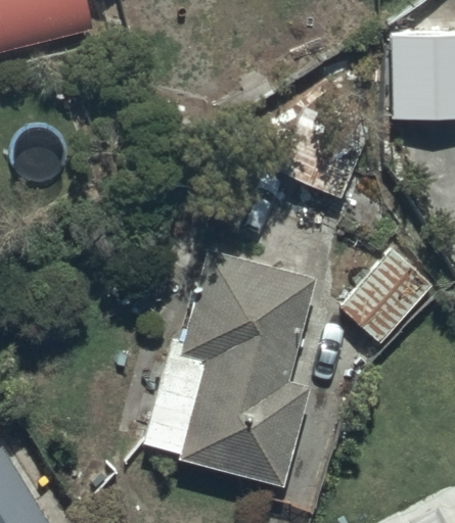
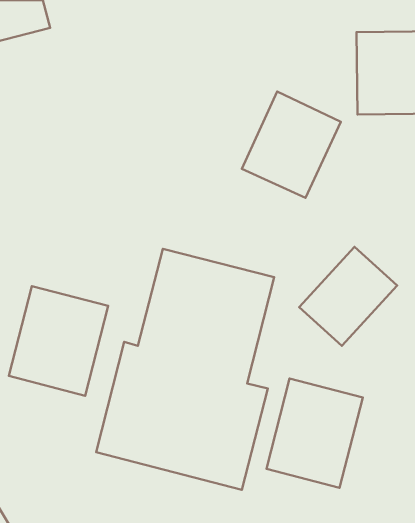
building: none -> [9,286,108,396]
building: none -> [266,379,363,488]

